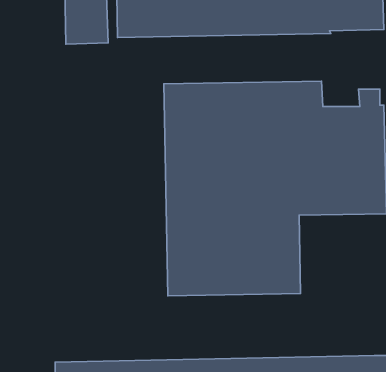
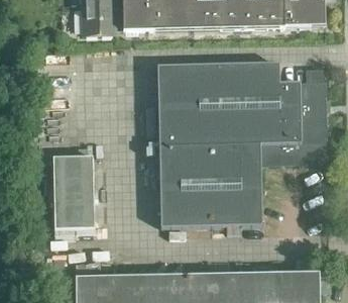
building: none -> [52,156,93,227]

